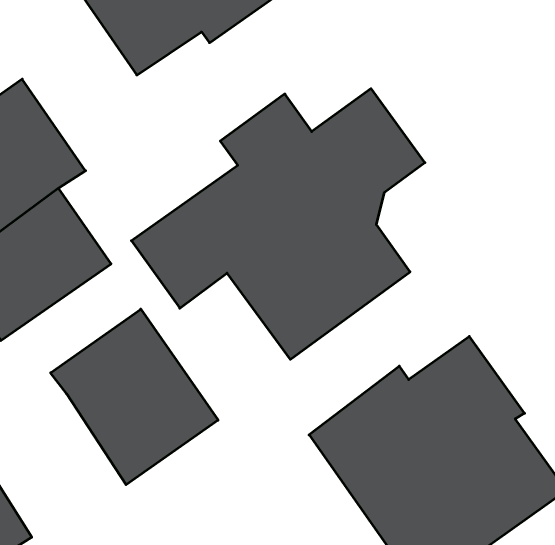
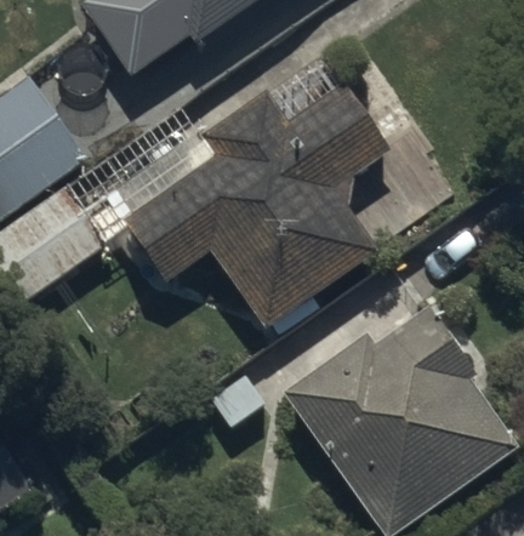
building: [51,309,218,485] -> none

